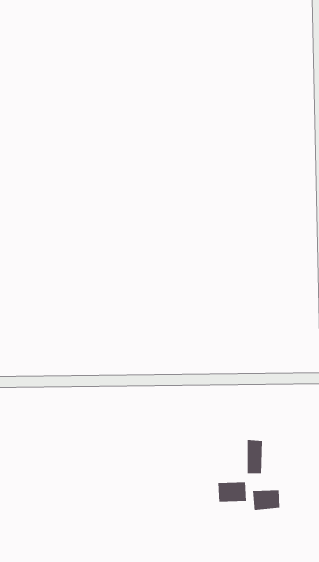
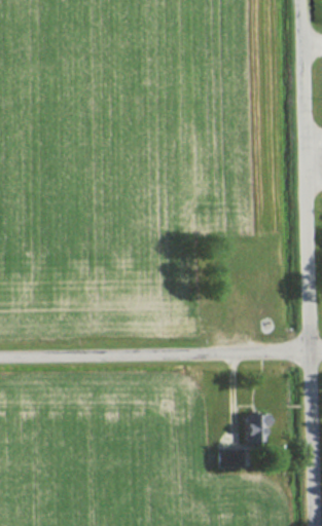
building: [253,489,280,511] -> none

